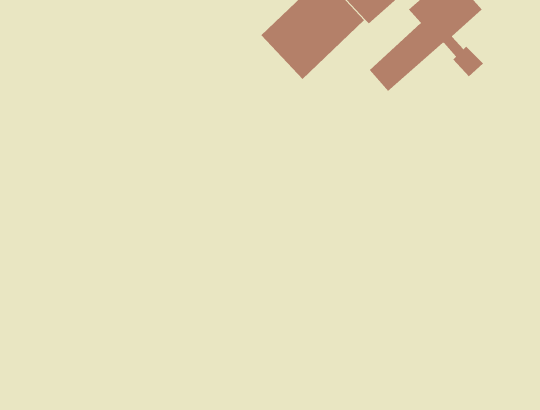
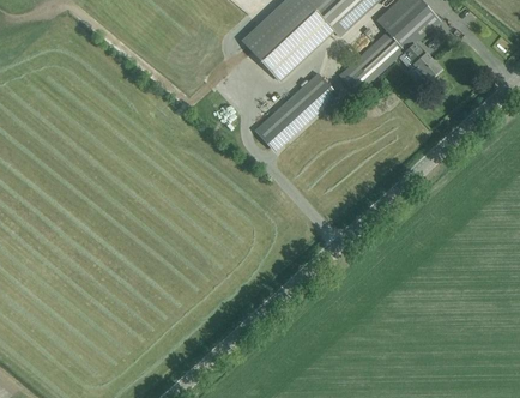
building: none -> [255,72,333,145]

